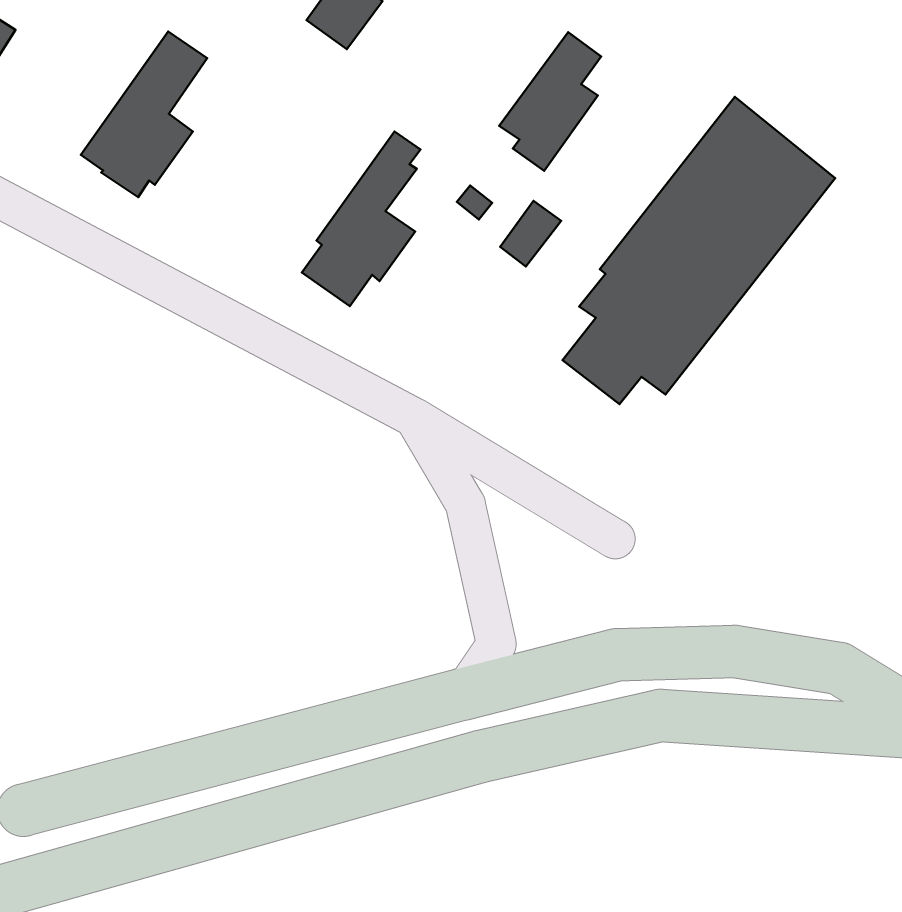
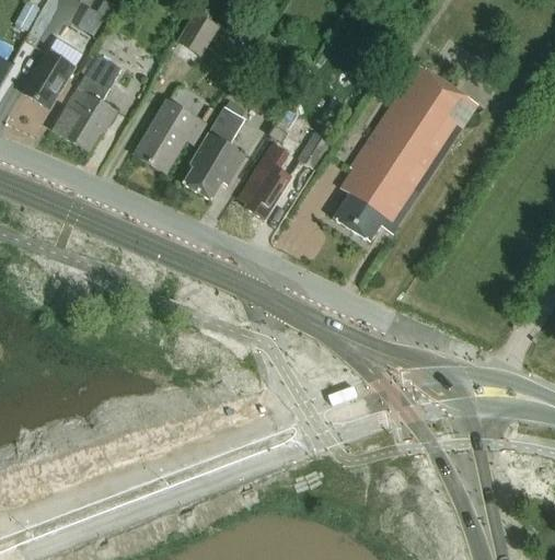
building: none -> [23,49,74,107]
building: [499,32,601,171] -> [238,140,291,219]
building: none -> [136,100,204,172]

